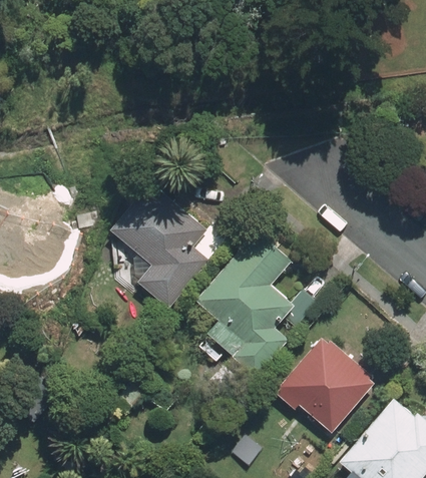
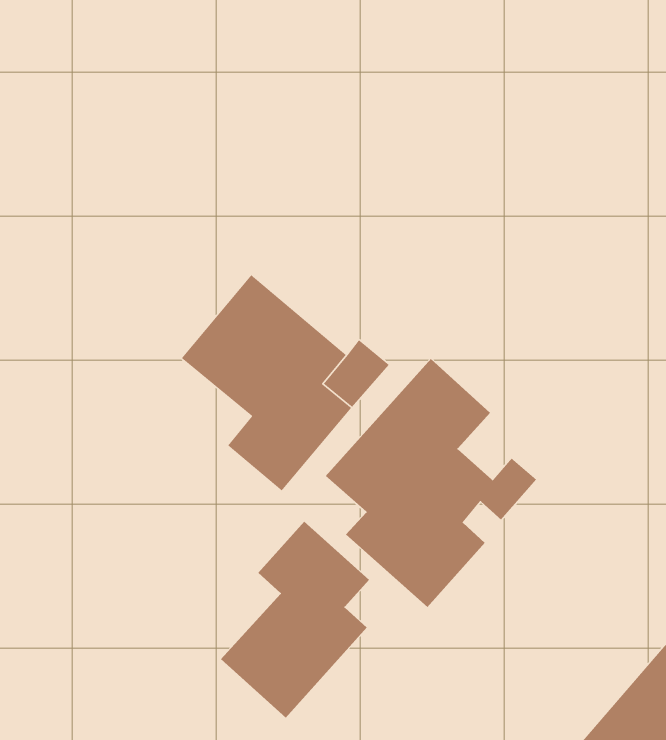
building: none -> [220,521,370,718]
building: [276,338,377,434] -> none

